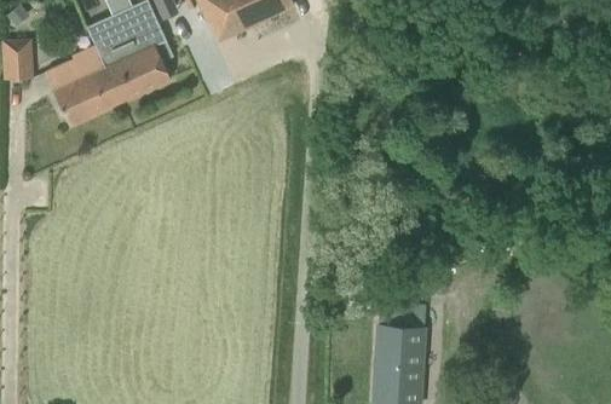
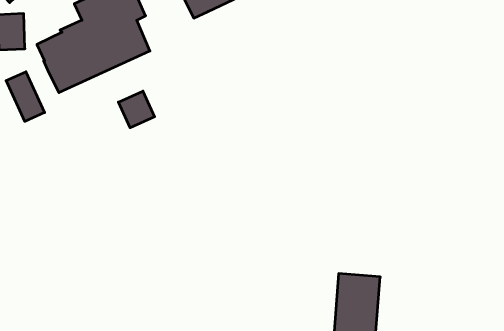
building: none -> [6,72,45,121]
building: none -> [118,91,155,128]

